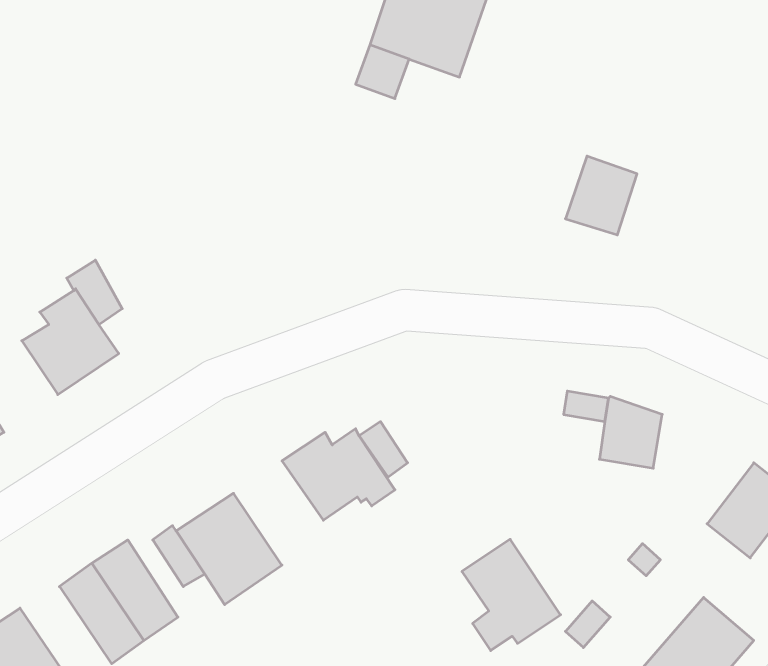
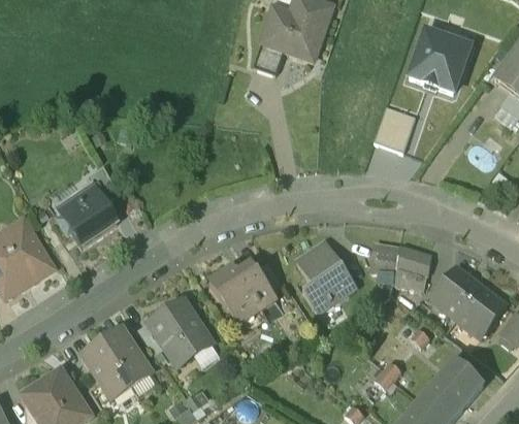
building: none -> [409,32,468,93]
building: none -> [367,255,396,290]
building: none -> [428,263,482,318]
building: [462,539,561,651] -> [298,240,355,304]

